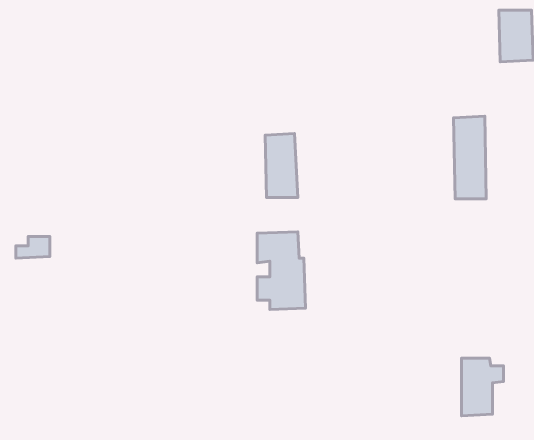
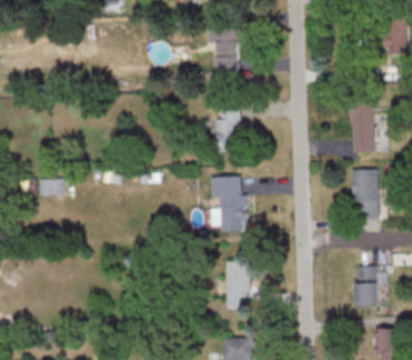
building: none -> [205,28,238,73]
building: none -> [352,169,379,219]
building: none -> [225,261,249,309]

